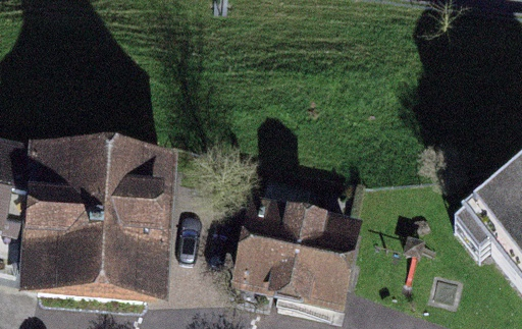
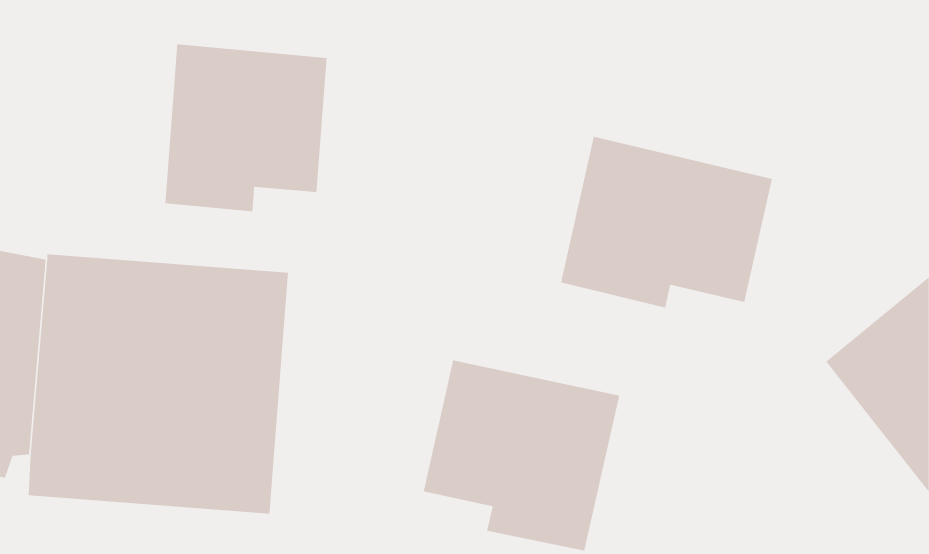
building: none -> [164,43,327,212]
building: none -> [560,136,773,308]

